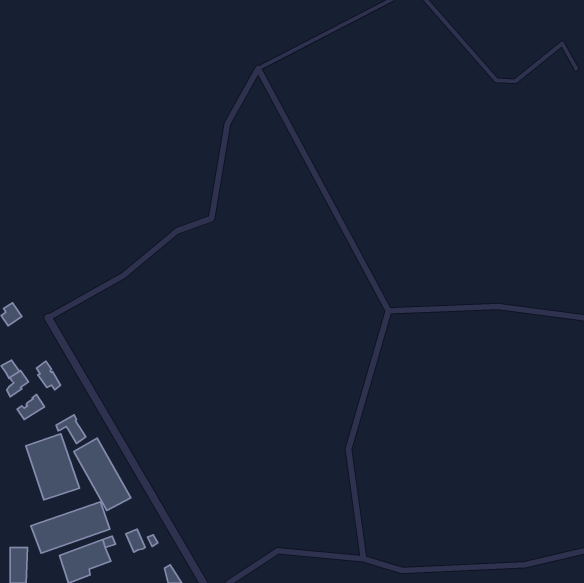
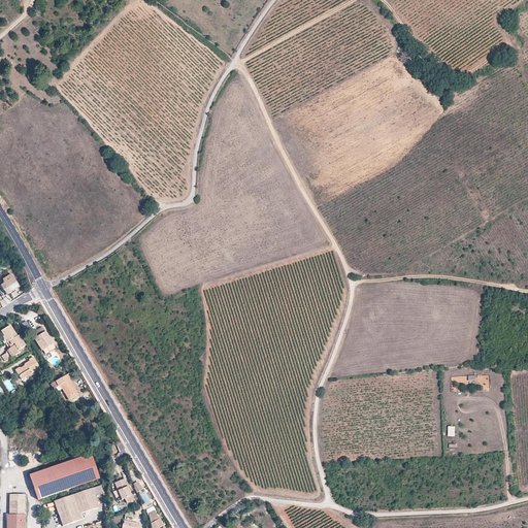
building: [26,434,80,500] -> none
building: [74,438,131,511] -> none

